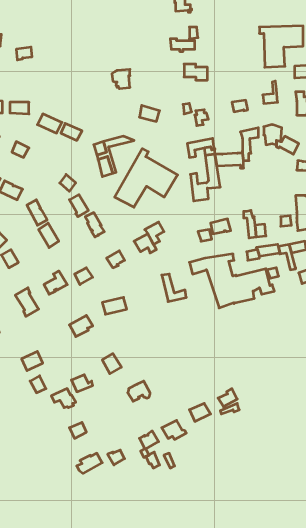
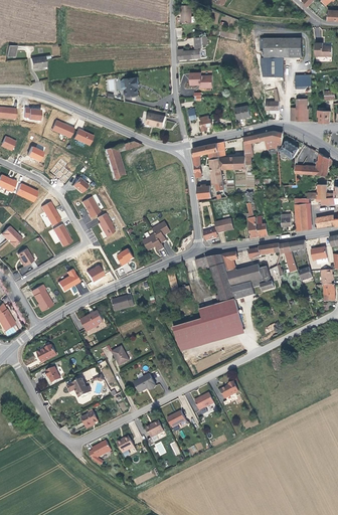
building: [115,149,178,207] -> none
building: none -> [174,299,248,353]

